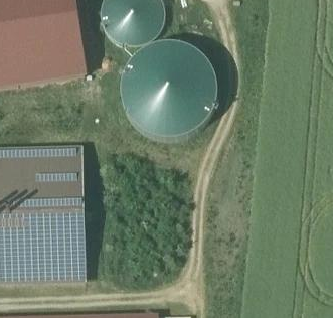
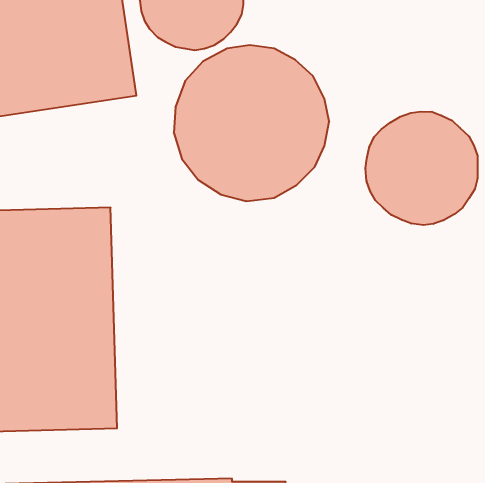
building: none -> [366,112,478,225]

